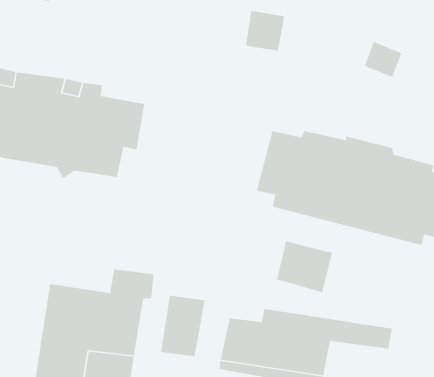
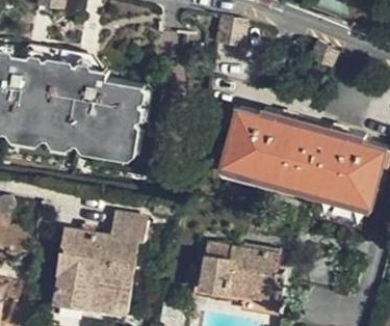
building: [276,240,333,293] -> none
building: [160,295,206,357] -> none

